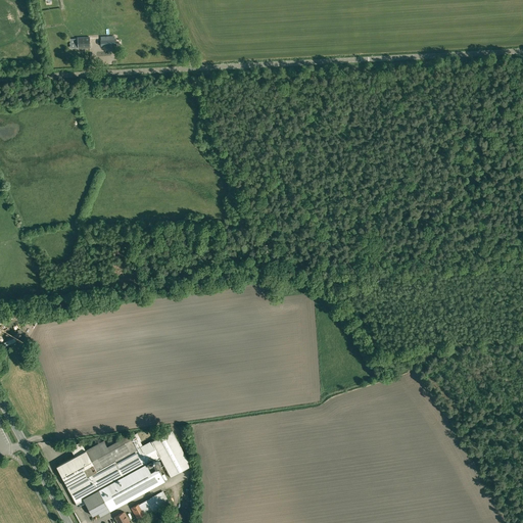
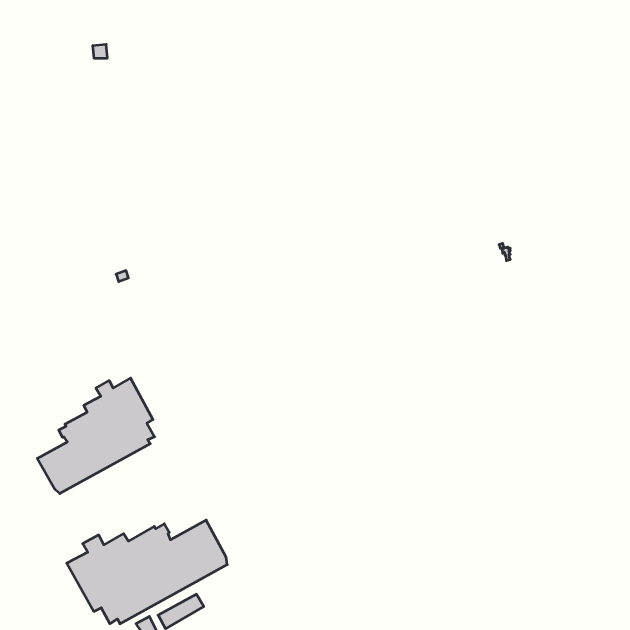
building: none -> [37,378,155,494]

